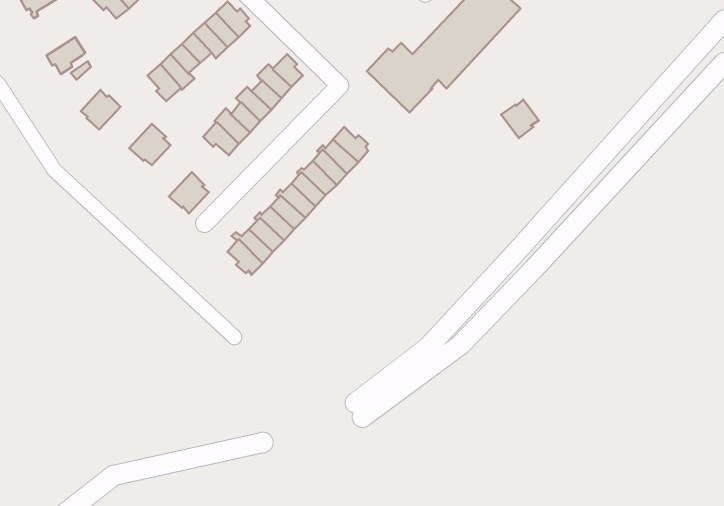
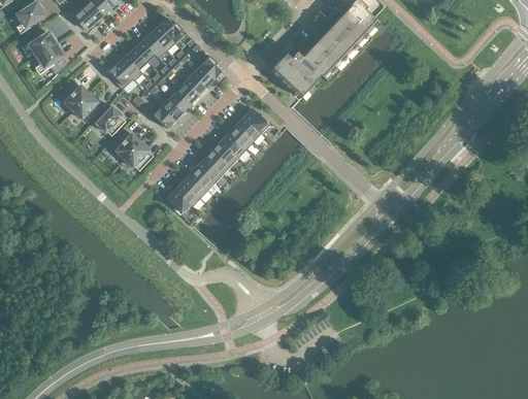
building: none -> [28,27,56,57]
building: [501,99,539,138] -> none
building: none -> [73,94,102,123]
building: none -> [110,130,140,159]

